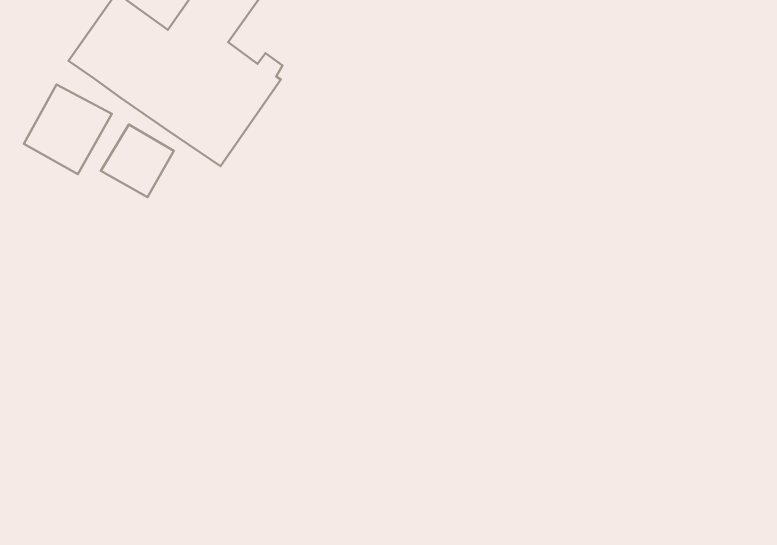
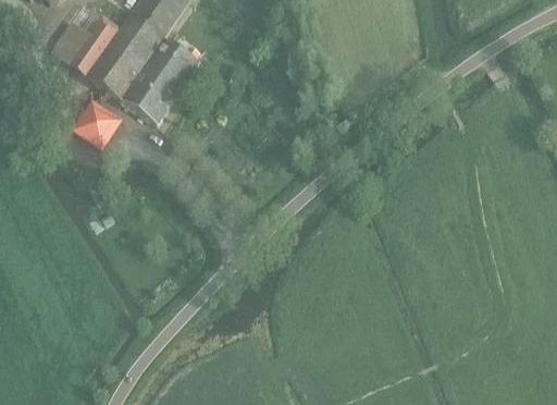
building: [24,84,112,174] -> none

